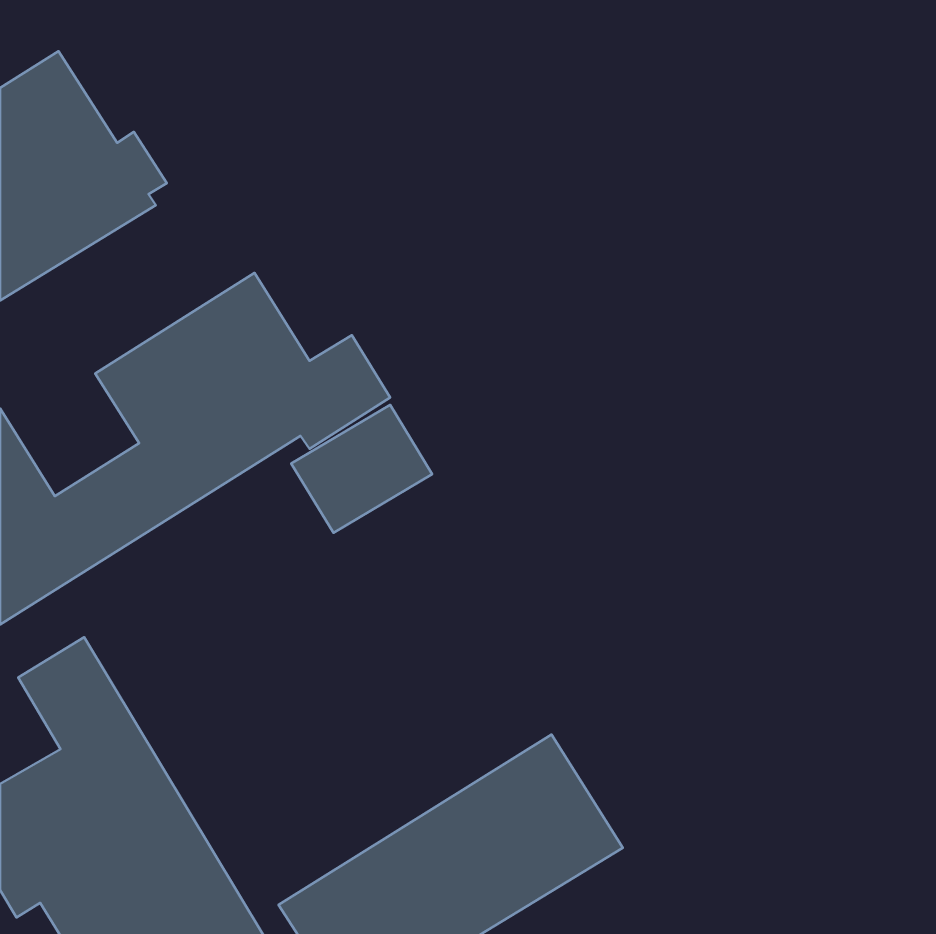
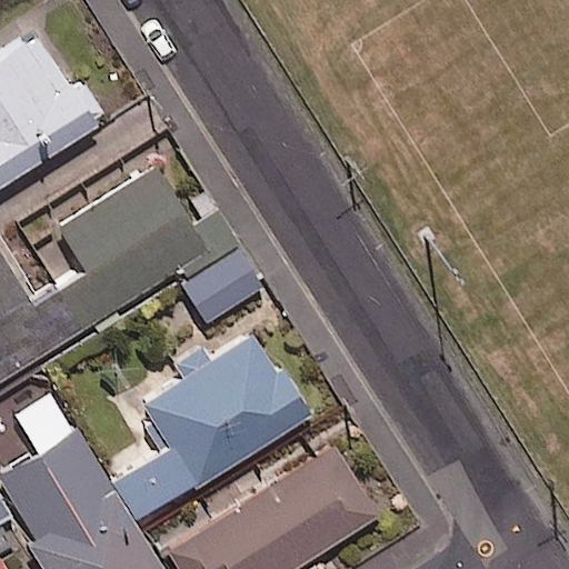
building: none -> [113,335,307,520]

